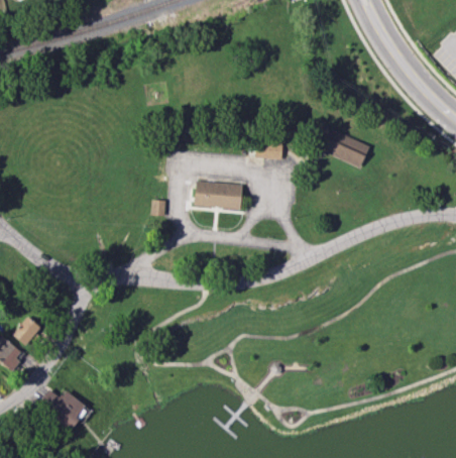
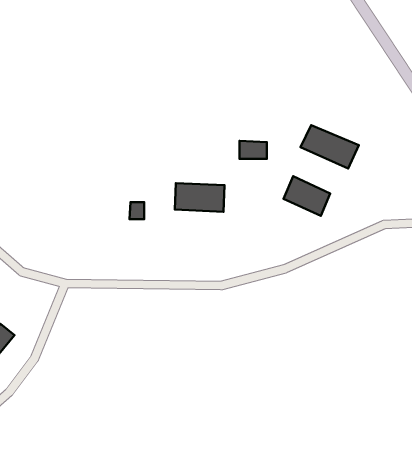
building: none -> [283,176,330,216]
building: [38,389,88,430] -> none

